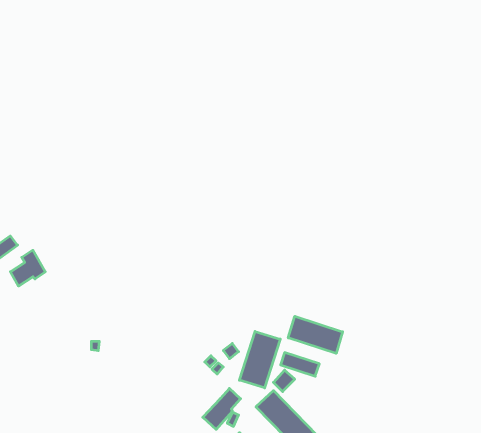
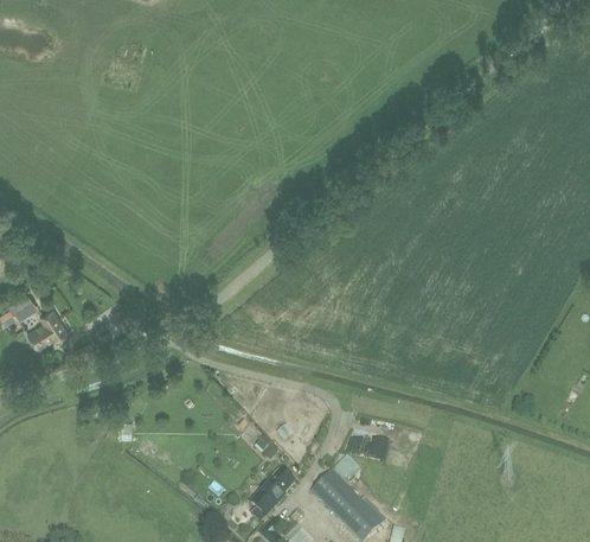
building: [288,316,343,353] -> none
building: [239,331,280,388] -> none

